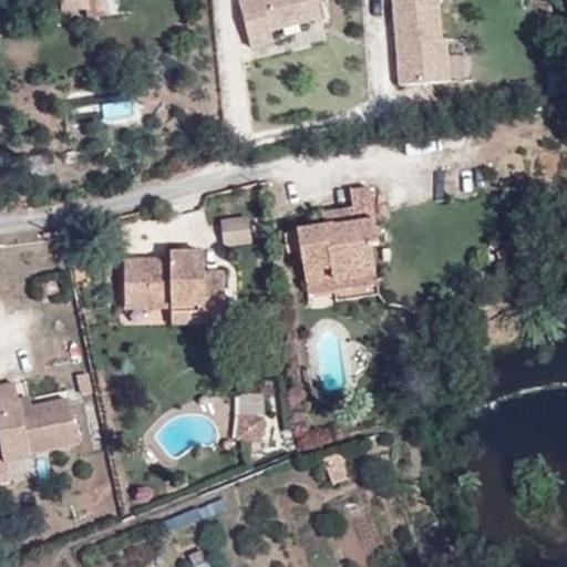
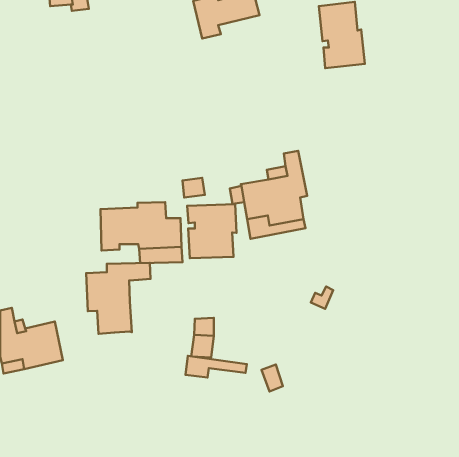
building: none -> [187,204,237,258]
building: none -> [86,263,150,334]
building: none -> [185,356,247,377]

